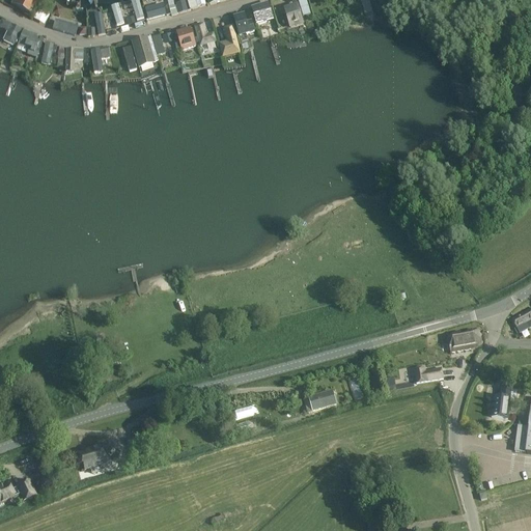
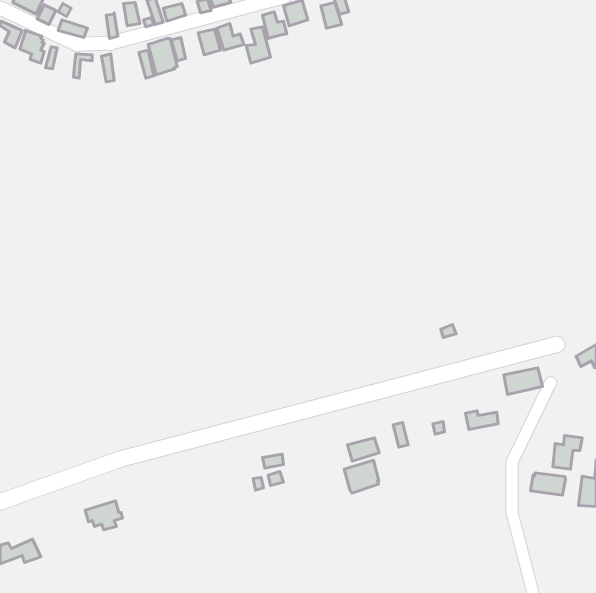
building: none -> [344,460,379,493]
building: none -> [530,473,565,495]

